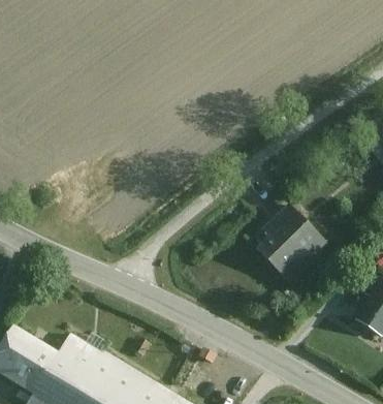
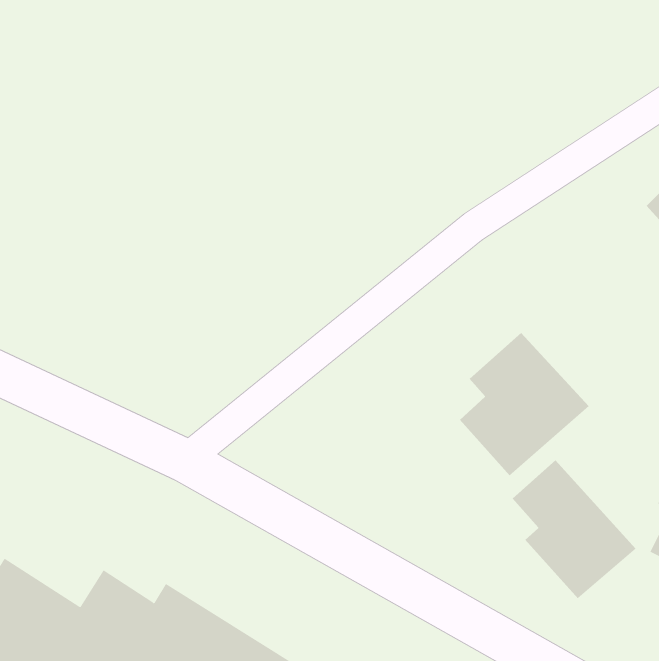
building: none -> [512,460,636,599]

